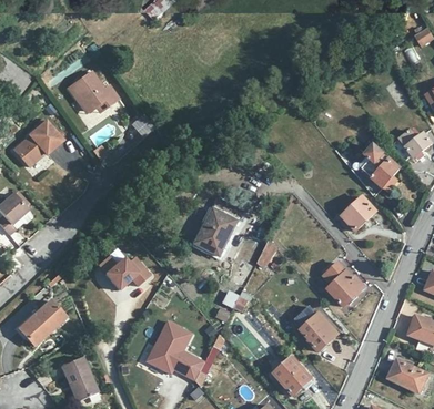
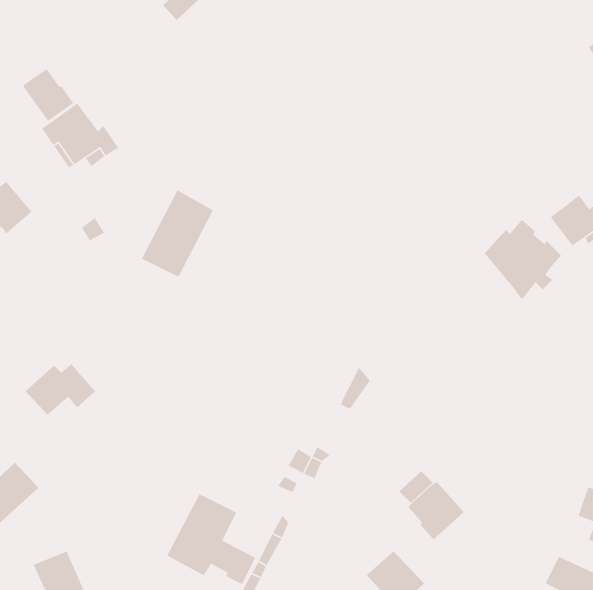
building: none -> [22,68,74,122]
building: [341,196,375,231] -> none
building: [195,200,242,256] -> [141,189,214,278]
building: [103,256,149,289] -> [25,363,96,415]
building: [324,262,363,305] -> none

